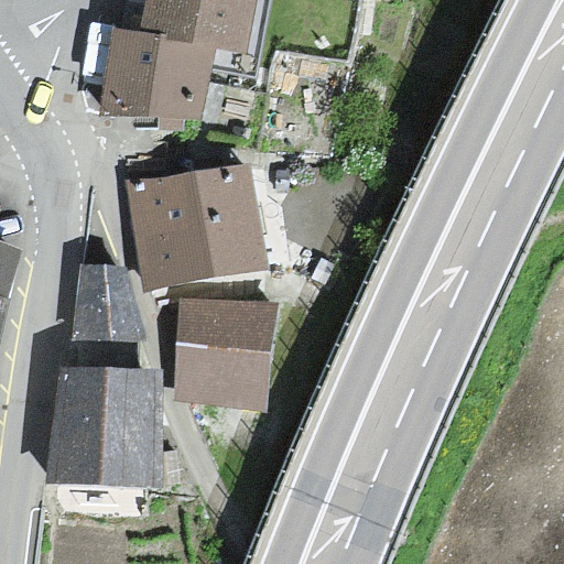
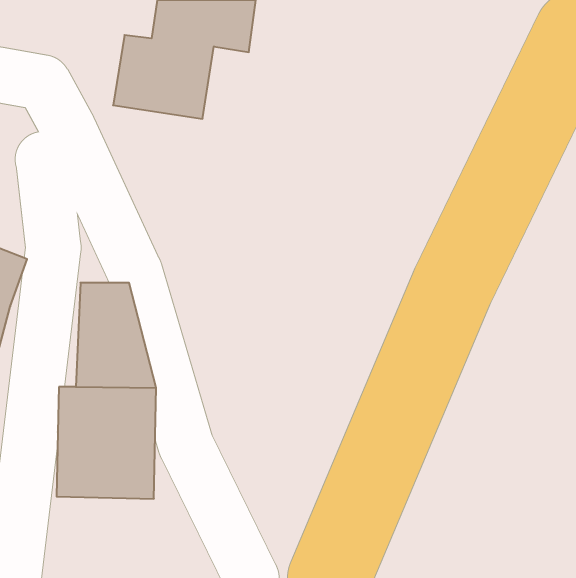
building: [134,172,259,280] -> none
building: [183,313,265,406] -> none

